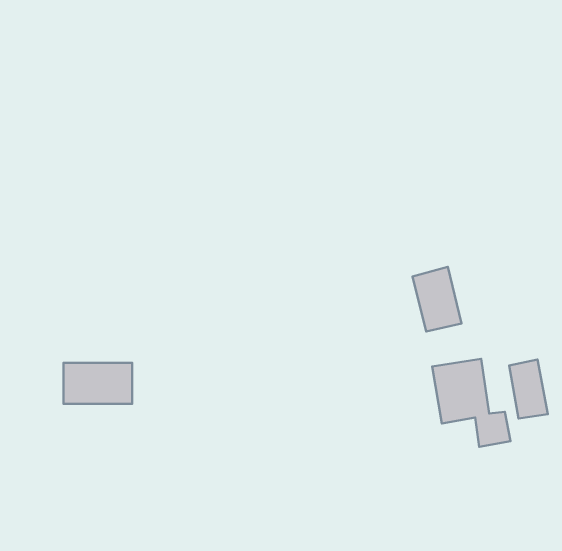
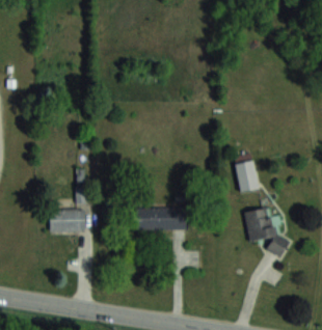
building: none -> [136,209,183,230]
building: [509,359,548,419] -> none

